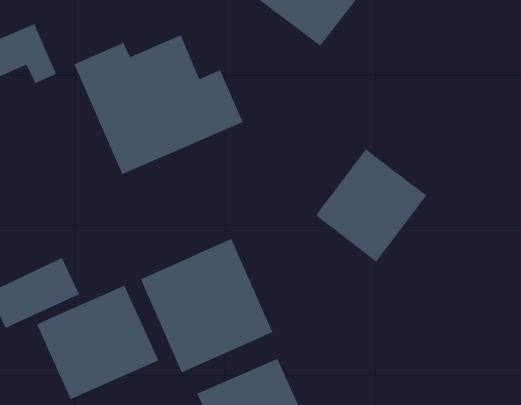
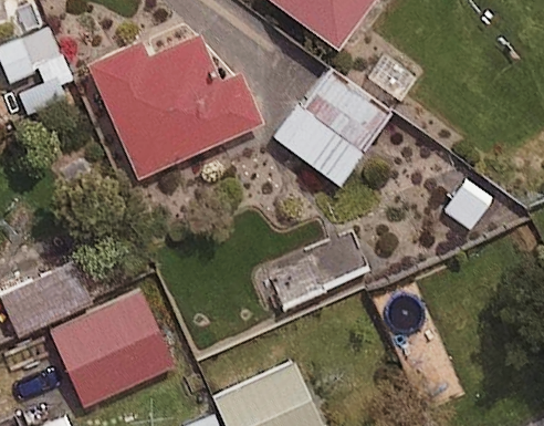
building: [315,148,427,263] -> [276,70,389,185]
building: [140,238,273,373] -> none

